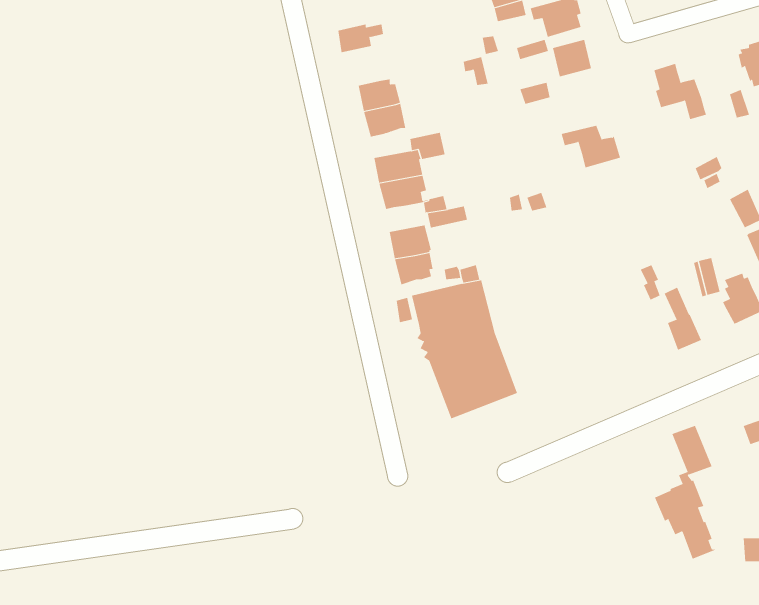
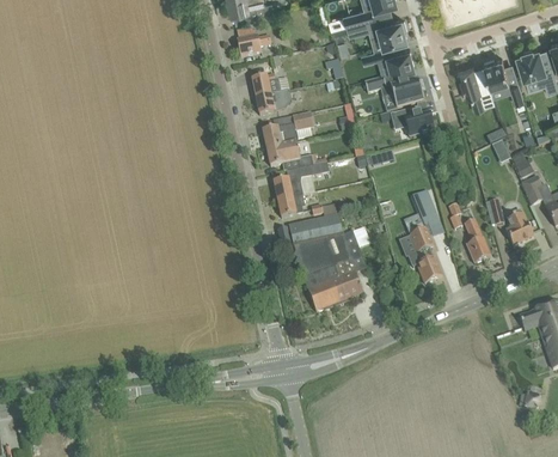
building: none -> [483,57,510,89]
building: none -> [391,79,424,109]
building: [654,425,718,559] -> [399,191,443,285]

